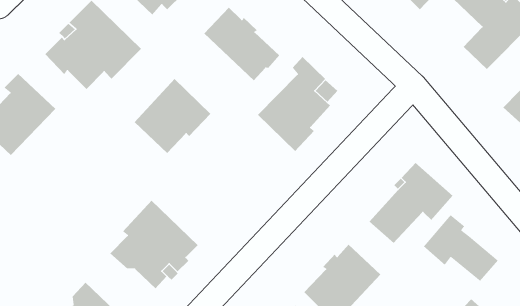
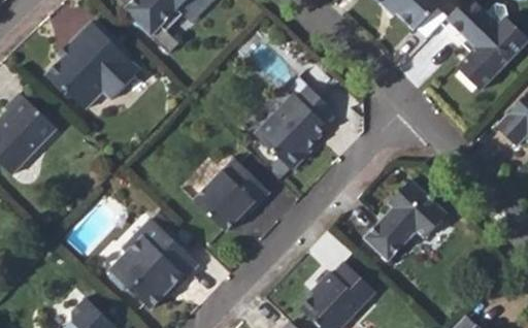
building: [204,7,280,81] -> none
building: [134,78,211,154] -> [193,157,269,231]
building: [423,214,499,282] -> none

